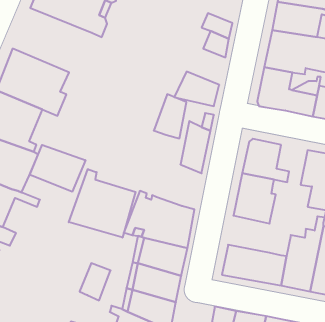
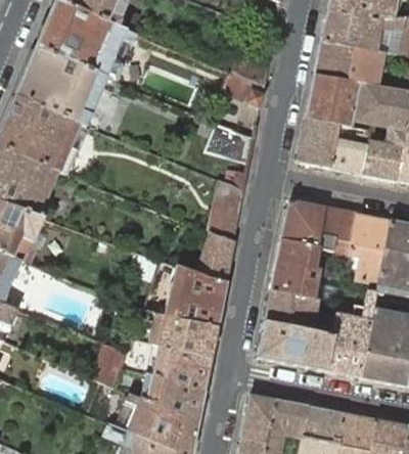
building: none -> [15,49,107,126]
building: [154,94,186,138] -> [196,231,234,282]
building: [30,145,85,192] -> none
building: none -> [321,208,357,254]
building: [69,169,136,238] -> none
building: none -> [265,289,328,335]

